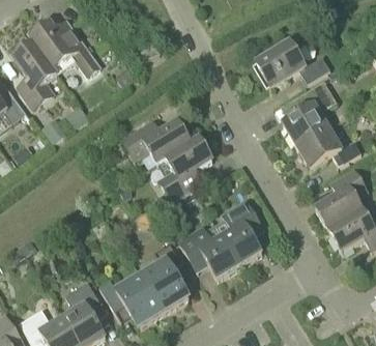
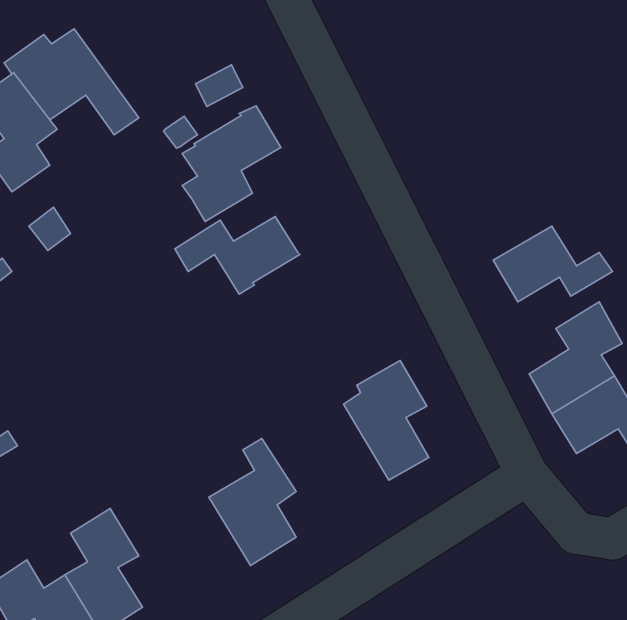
building: [256,42,329,87] -> none
building: [282,80,337,145] -> none
building: [157,137,211,200] -> [182,106,281,222]
building: [177,224,238,279] -> none
building: [98,275,163,327] -> none

